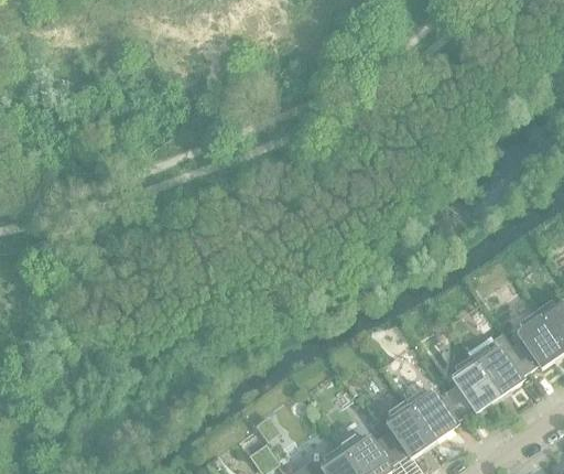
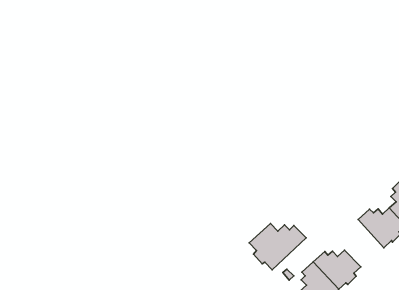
building: none -> [249,224,306,270]
building: [446,356,497,417] -> none

